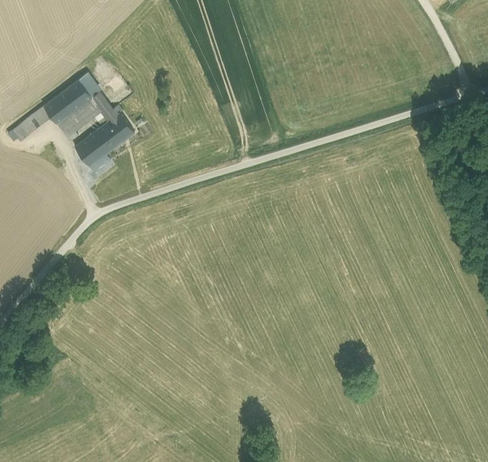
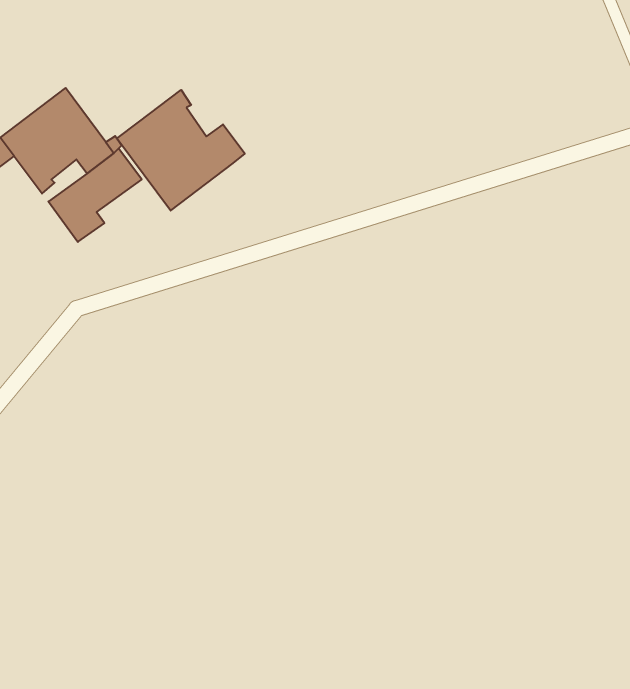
building: none -> [117,90,245,211]

